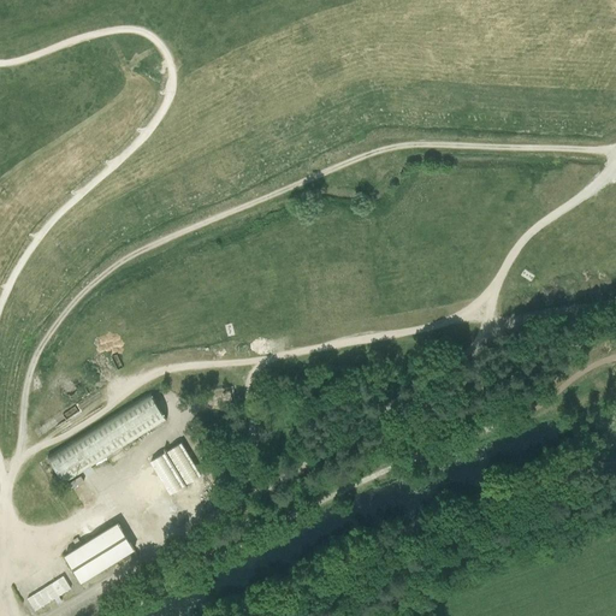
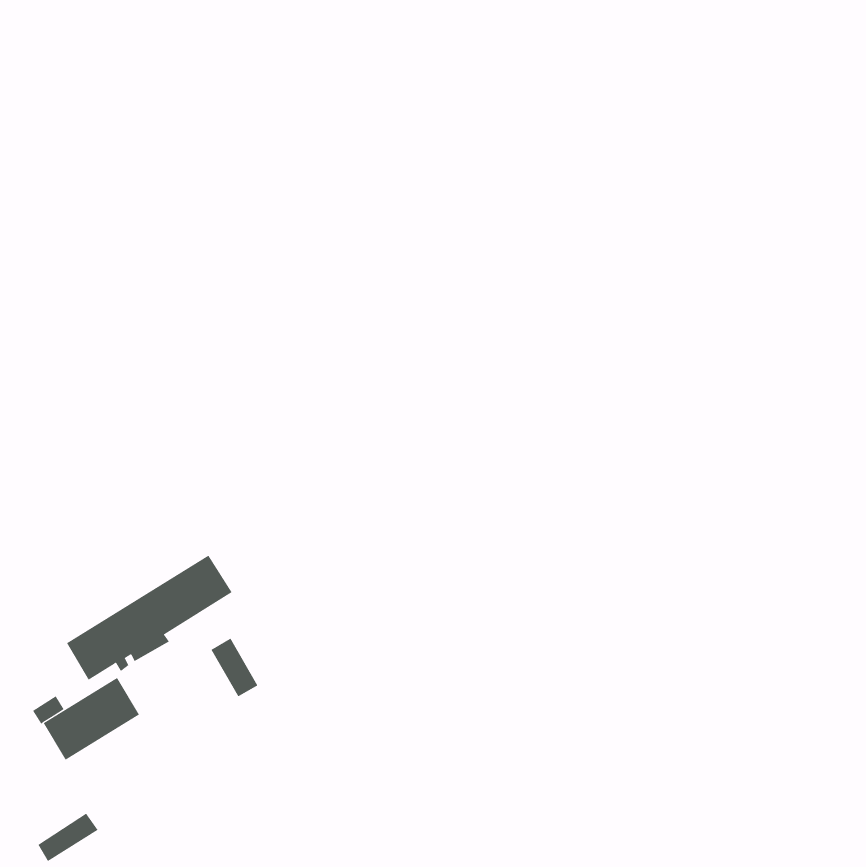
building: [165,443,200,484] -> none
building: [64,523,132,582] -> [43,677,140,760]

